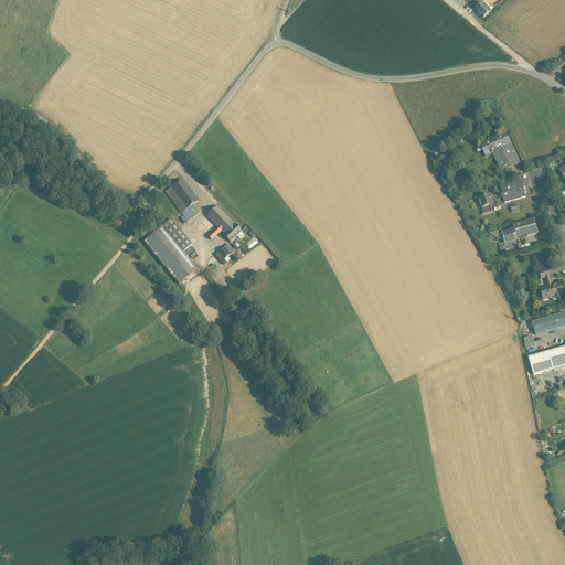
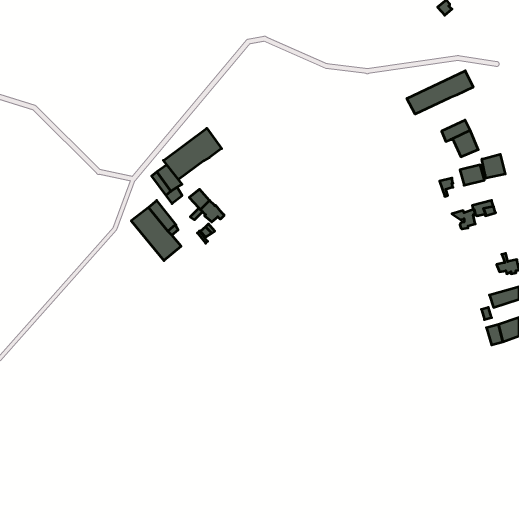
building: none -> [407,71,473,114]
building: none -> [163,128,222,179]
building: none -> [482,154,505,178]

